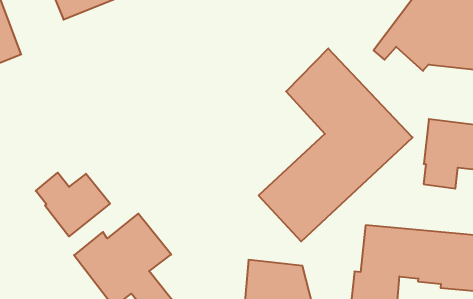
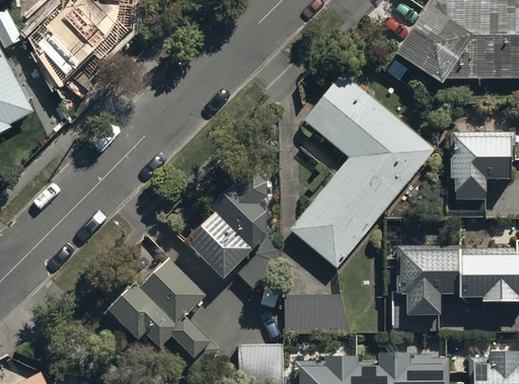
building: none -> [183,170,281,290]
building: [36,173,110,236] -> none

